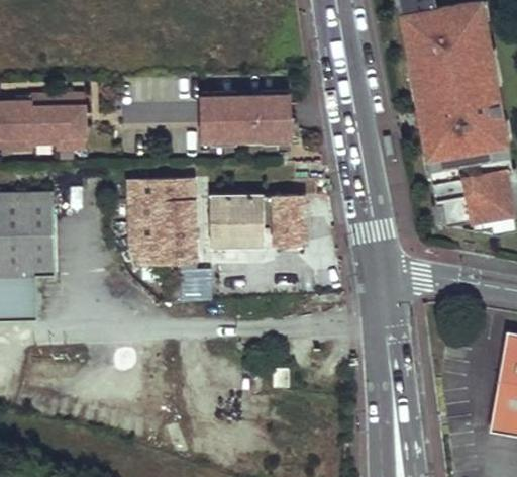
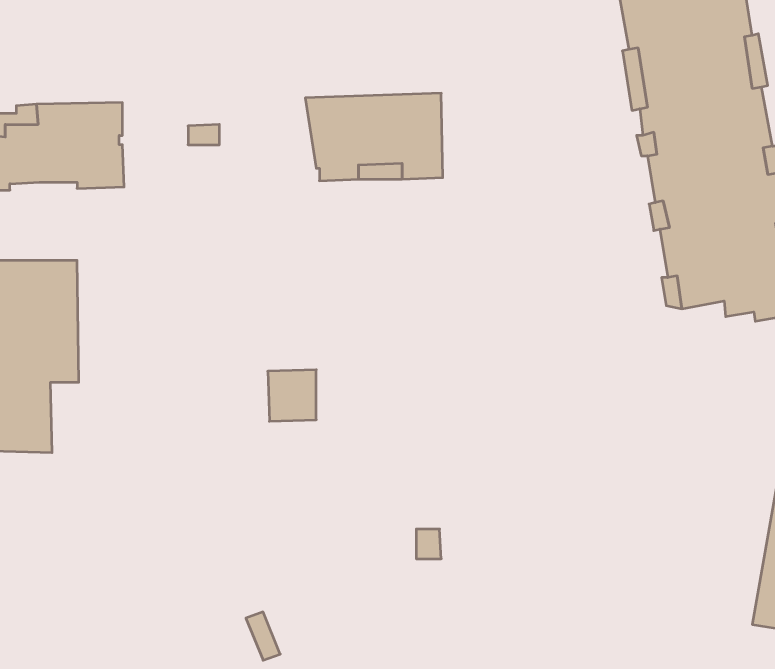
building: [129,178,195,262] -> none
building: [268,193,305,248] -> none
building: [209,195,264,247] -> none

